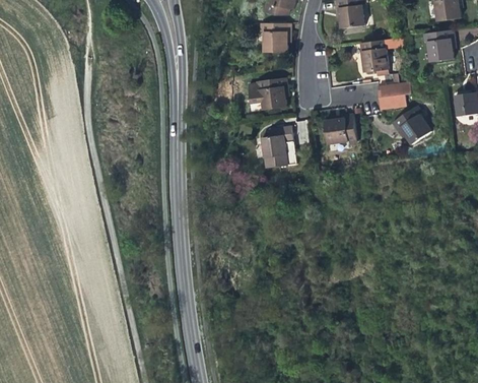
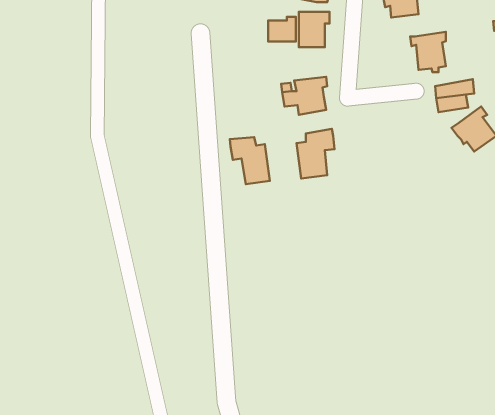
building: none -> [268,17,296,41]
building: [324,113,356,142] -> none
building: none -> [230,137,270,184]

